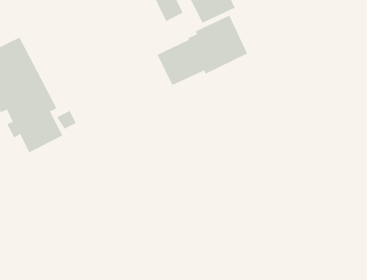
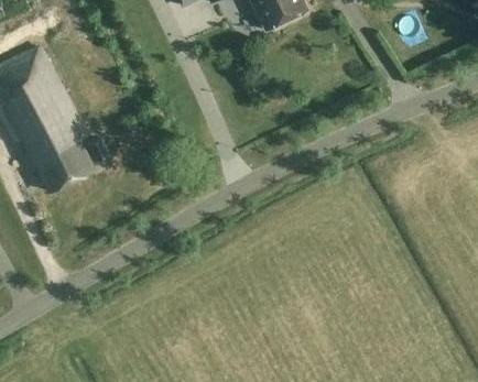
building: [157,15,248,86] -> none

